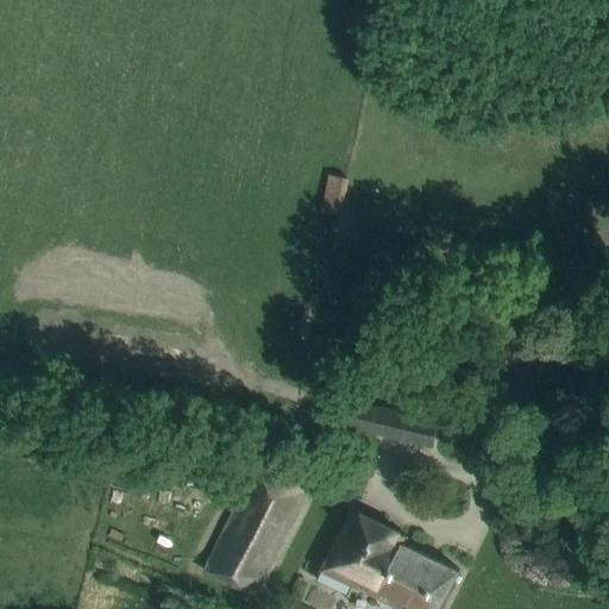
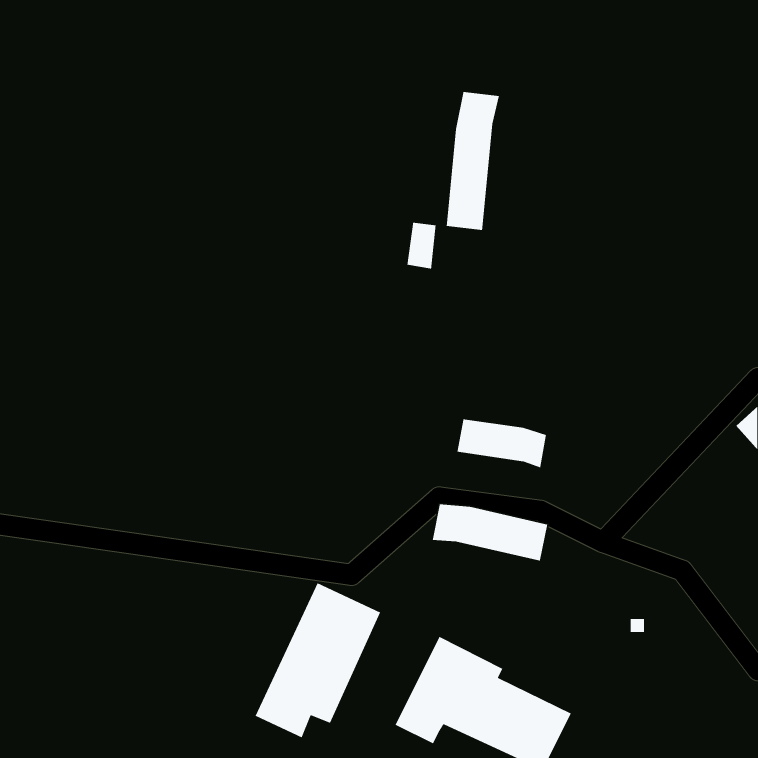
building: none -> [446,91,500,231]
building: none -> [457,418,547,468]

